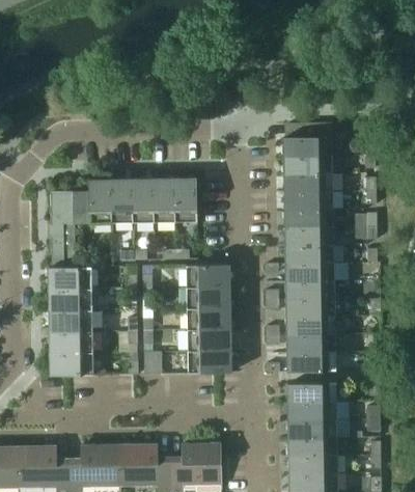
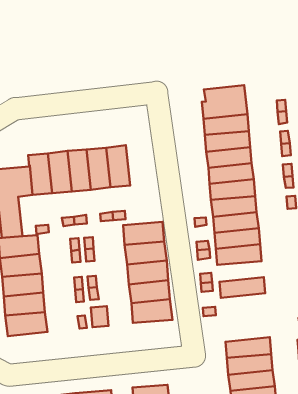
building: [285,317,335,335] -> none
building: [286,352,335,372] -> none
building: [287,382,336,402] -> none

